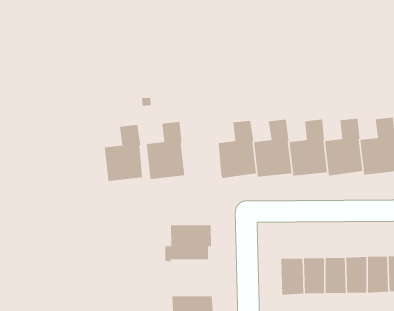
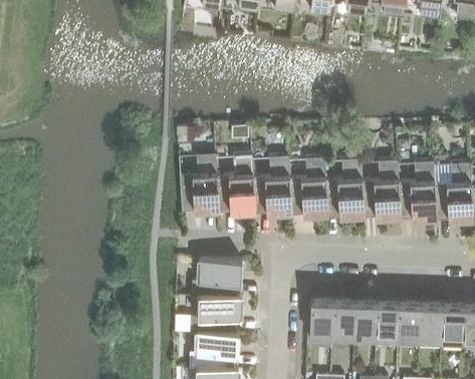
building: [104,123,143,182] -> [216,153,254,212]
building: none -> [191,294,241,332]

